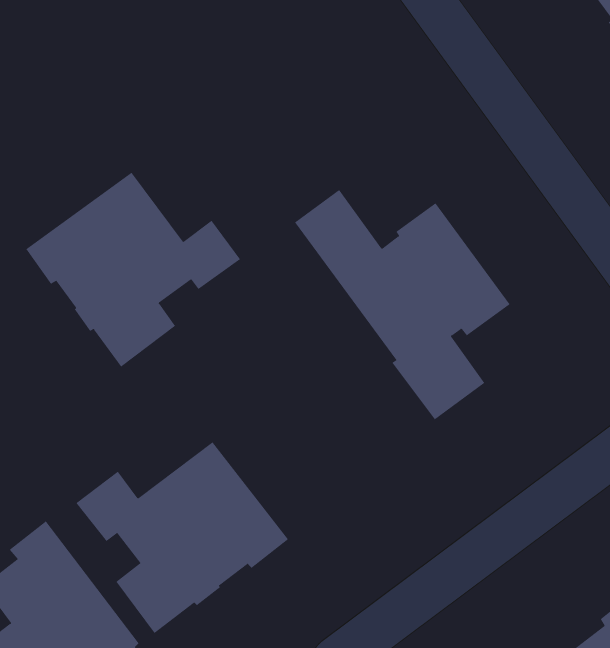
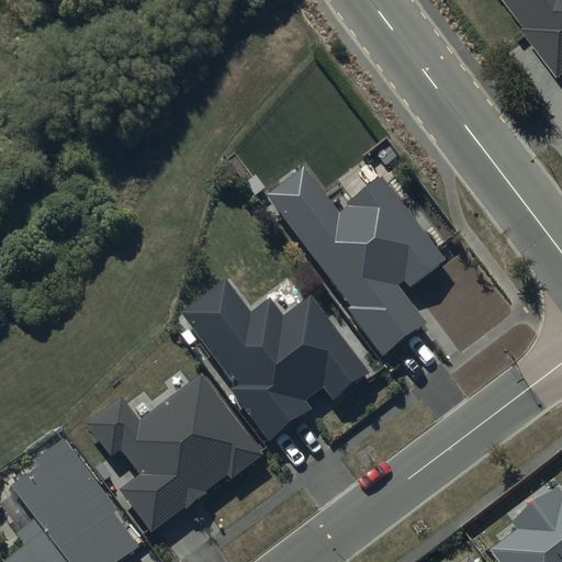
building: [25,172,241,368] -> none
building: none -> [180,279,368,439]

